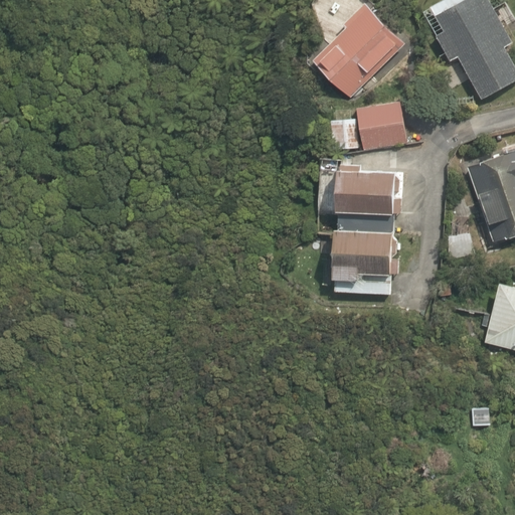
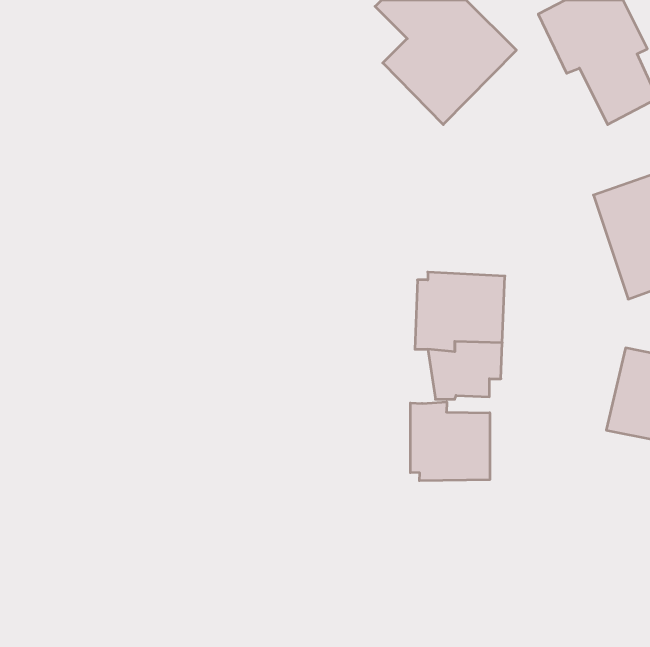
building: [354,99,409,155] -> none
building: [327,160,389,208] -> none
building: none -> [410,402,490,481]

